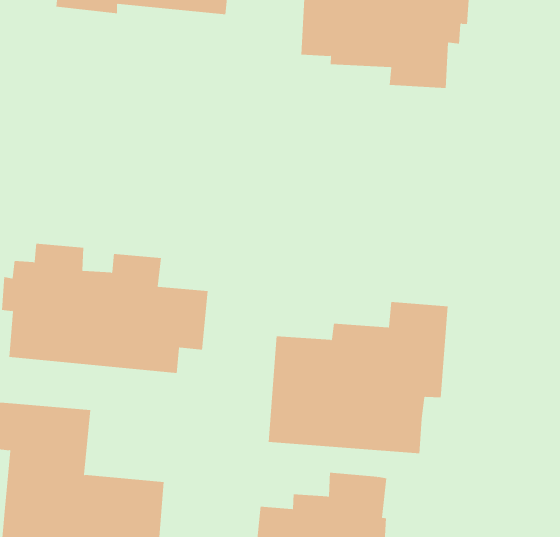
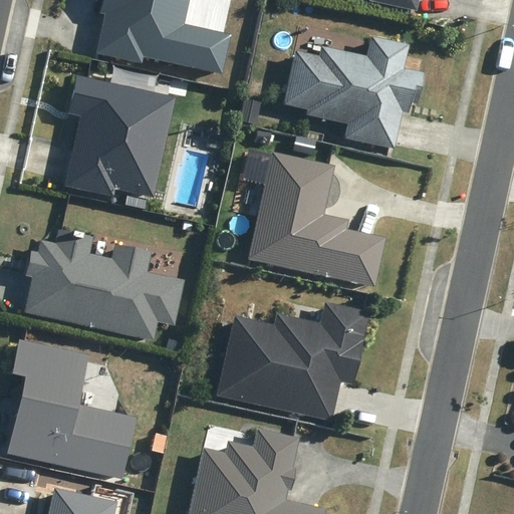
building: none -> [61,79,170,201]
building: none -> [252,154,390,285]

